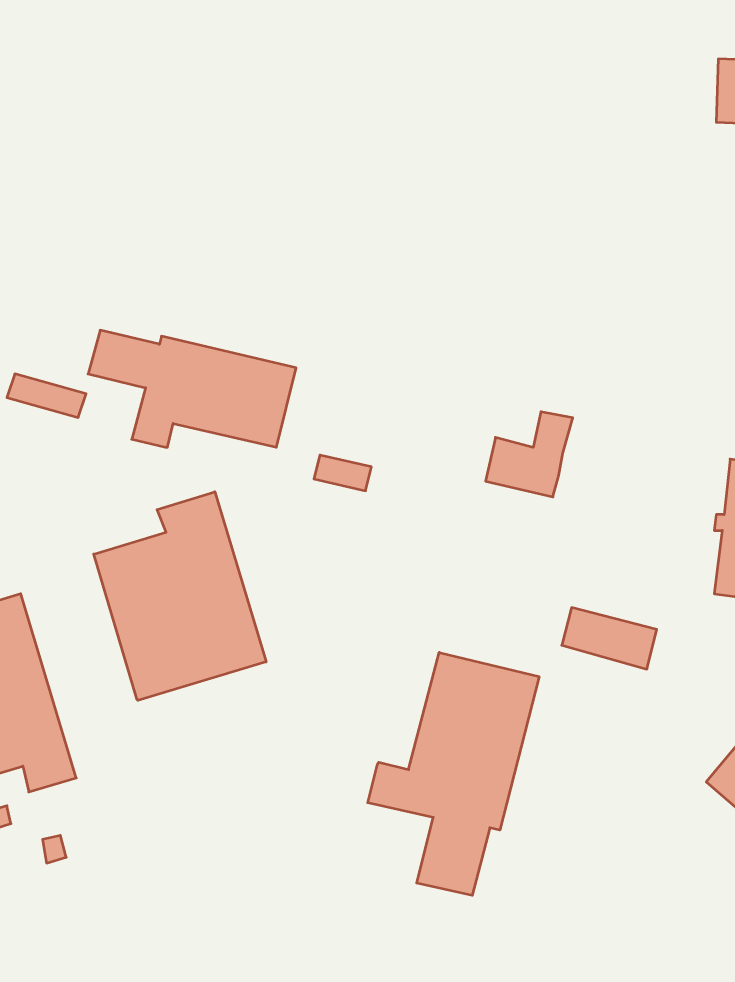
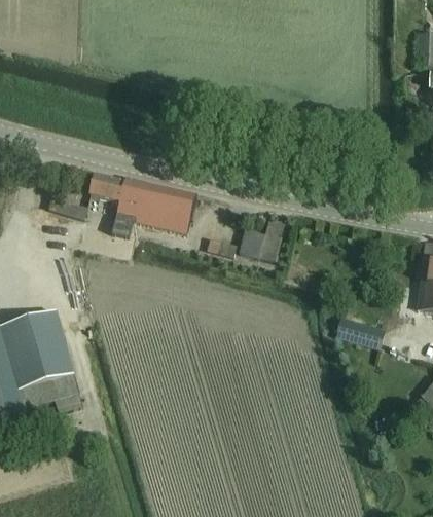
building: [486,412,573,497] -> [240,216,285,260]
building: [94,492,266,700] -> none
building: [368,652,539,895] -> none

